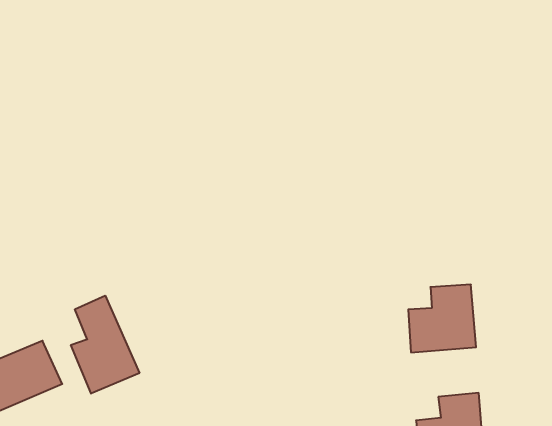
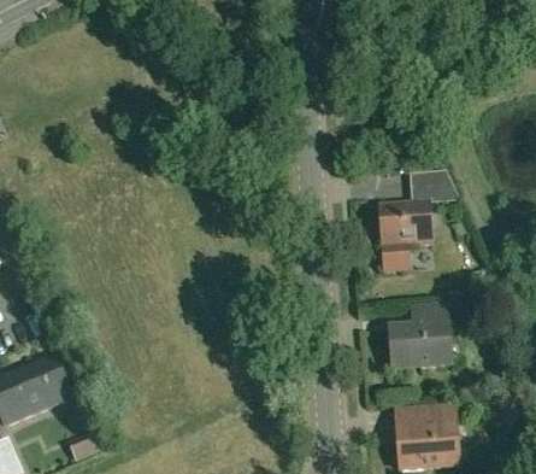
building: none -> [381,170,459,269]
building: [71,296,139,394] -> none

